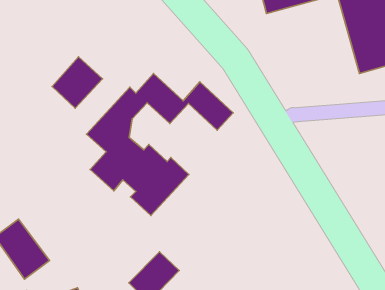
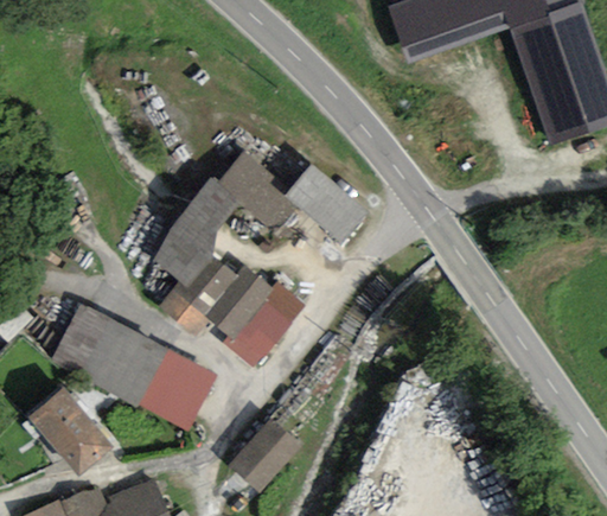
building: [52,57,102,108] -> none
building: none -> [49,302,217,431]

